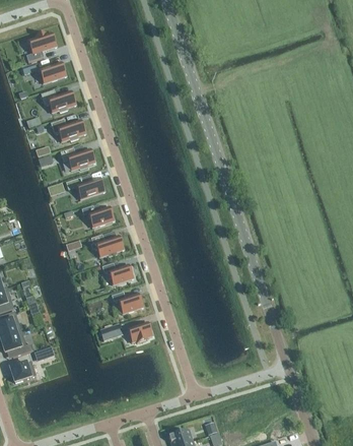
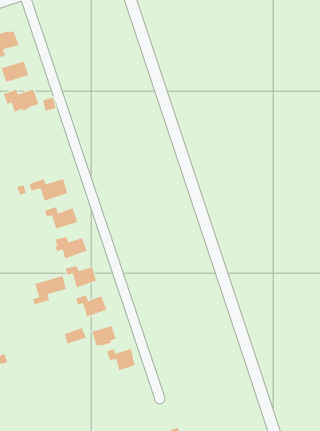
building: [51,117,85,140] -> none
building: [60,146,95,170] -> none
building: none -> [32,275,67,305]
building: none -> [106,348,135,371]

